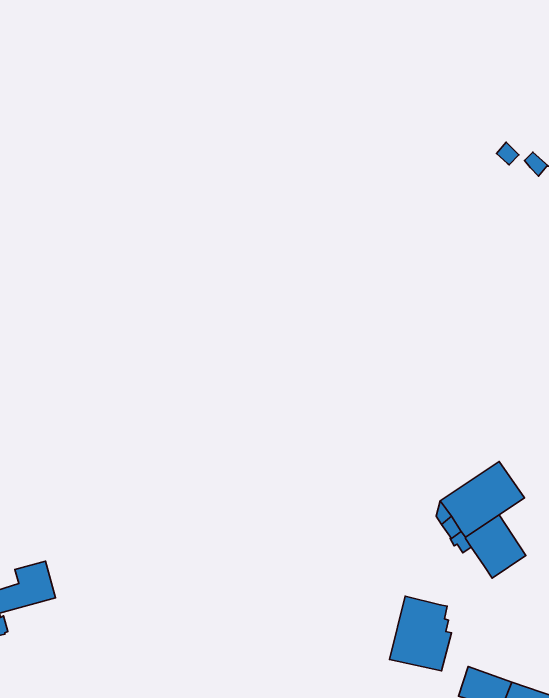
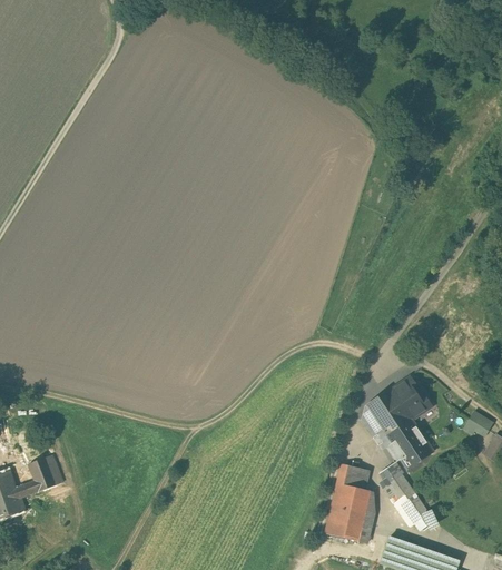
building: none -> [378,458,433,529]
building: none -> [337,462,370,489]

